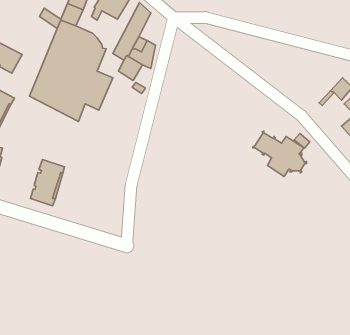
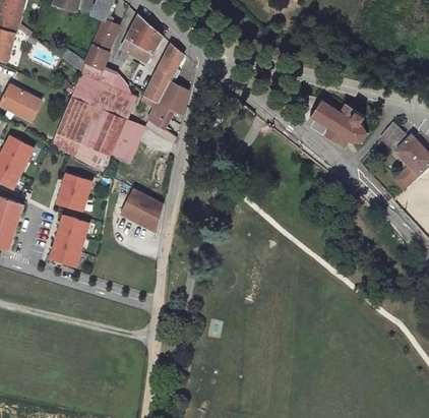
building: none -> [58,173,91,210]
building: [253,131,307,176] -> [309,98,368,147]
building: none -> [121,188,163,231]

